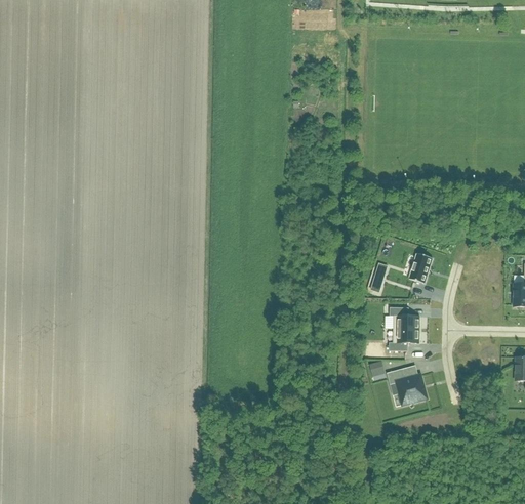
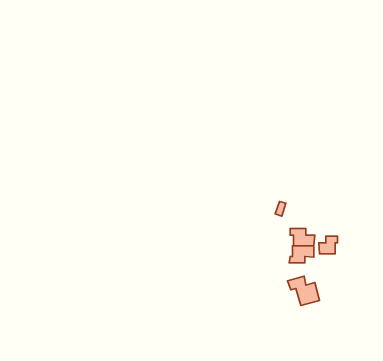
building: [408,251,432,282] -> none
building: none -> [319,236,338,254]

